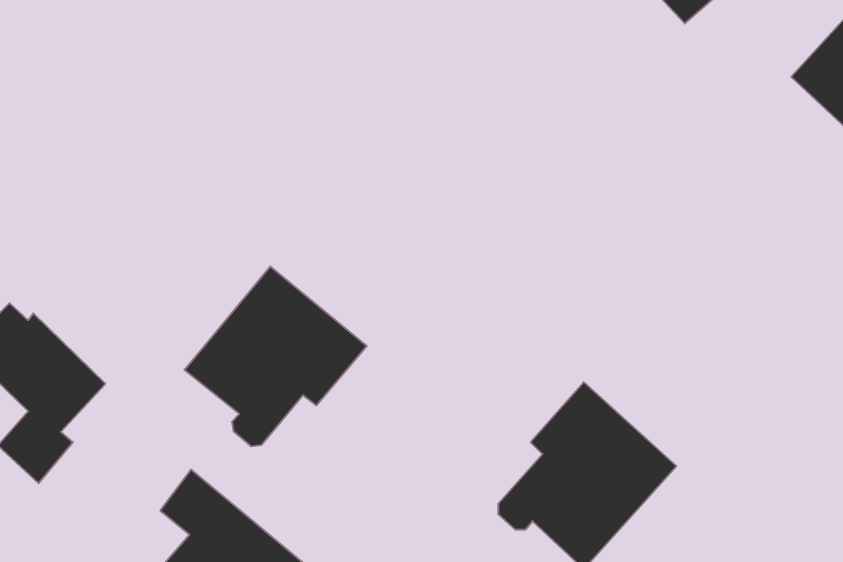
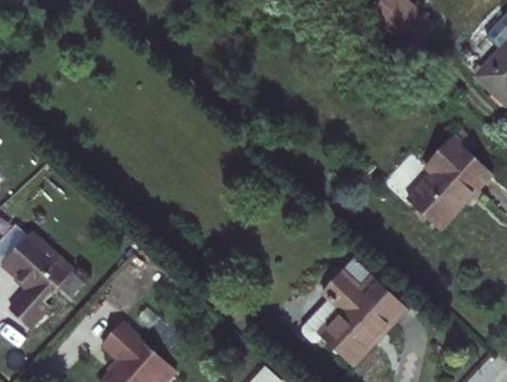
building: none -> [406,143,490,237]
building: [184,266,367,446] -> none

